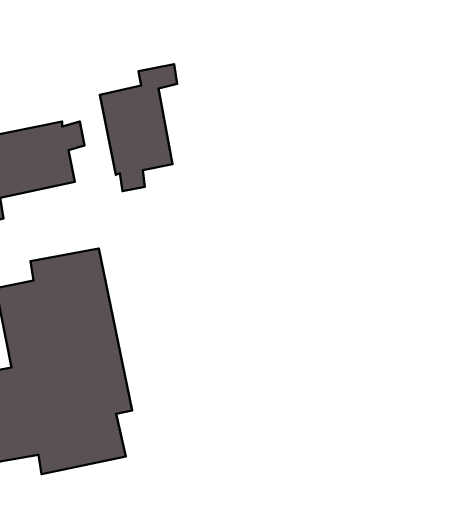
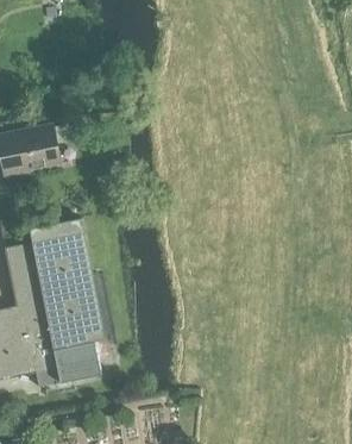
building: [100,64,177,191] -> none

